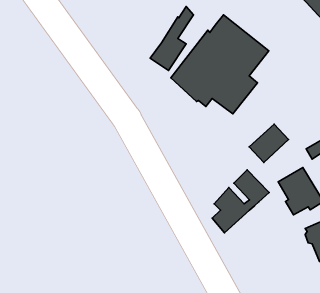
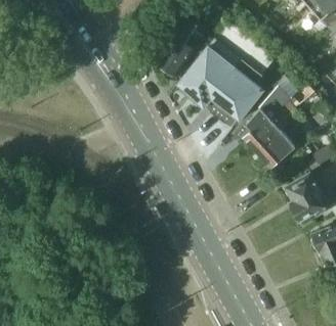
building: [212,170,269,233] -> [245,90,301,152]

